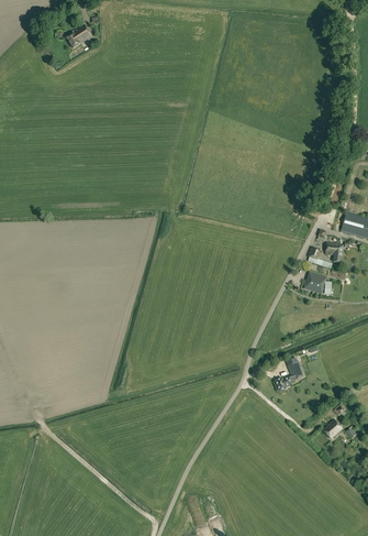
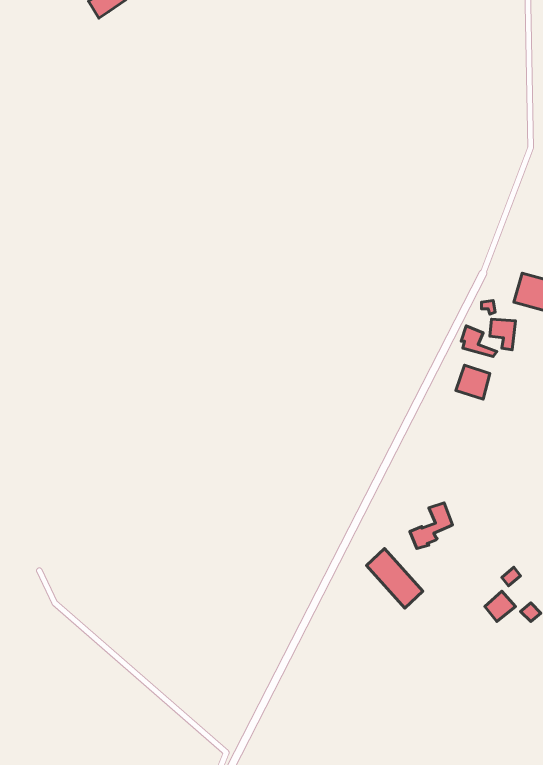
building: none -> [366,549,423,608]

